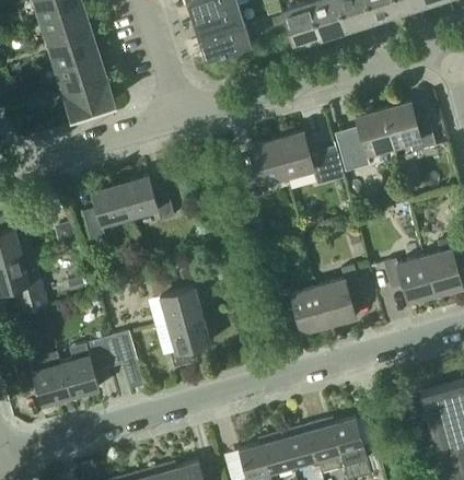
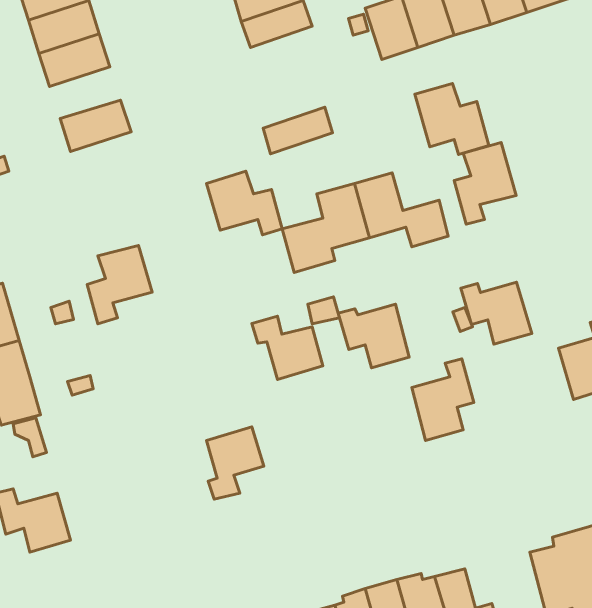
building: [200,25,251,59] -> [263,107,332,154]
building: [55,55,106,92] -> none
building: [382,102,436,153] -> [415,84,489,155]
building: [119,175,174,221] -> [207,171,282,235]
building: [383,258,434,303] -> [461,282,532,344]
building: [150,279,201,325] -> [252,316,323,380]
building: [276,286,327,332] -> [338,304,409,368]
building: [60,331,137,397] -> none

